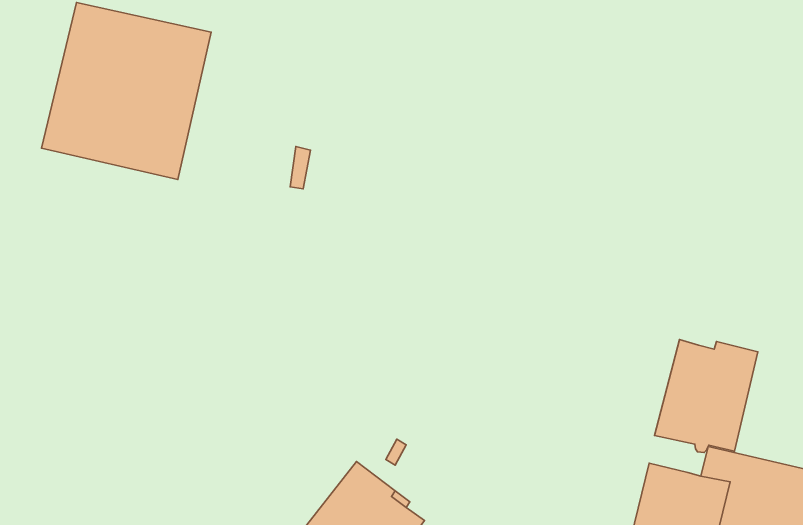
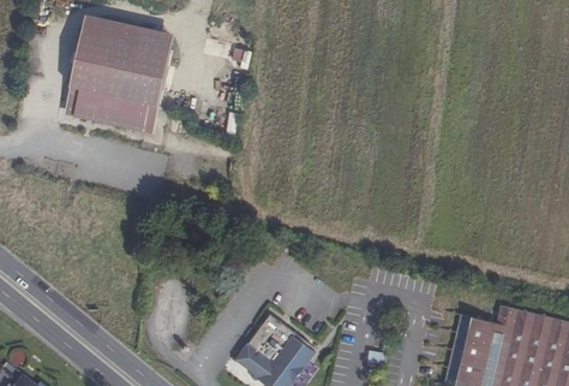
building: [654,339,758,452] -> none

